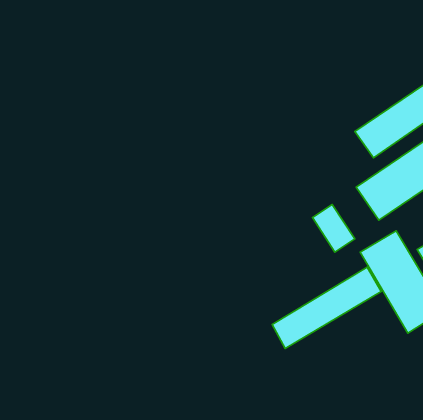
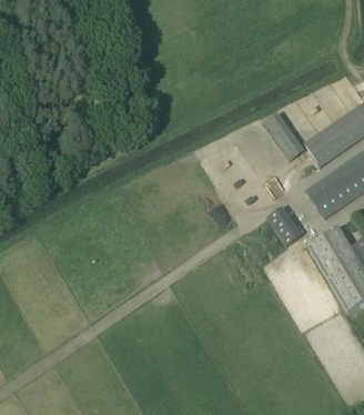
building: none -> [266,111,305,160]
building: [272,267,381,349] -> none

